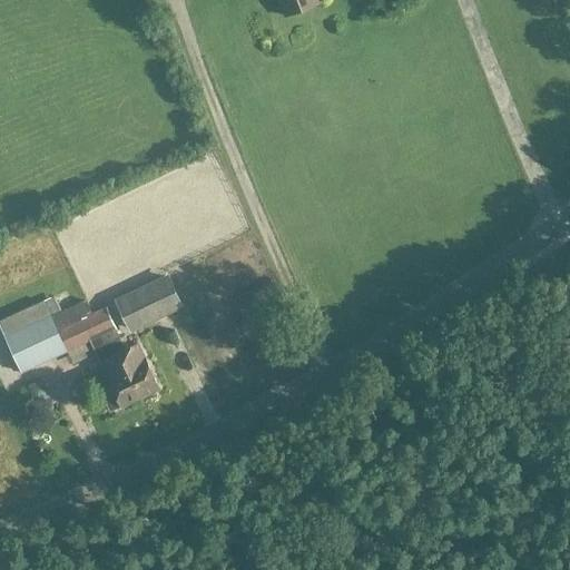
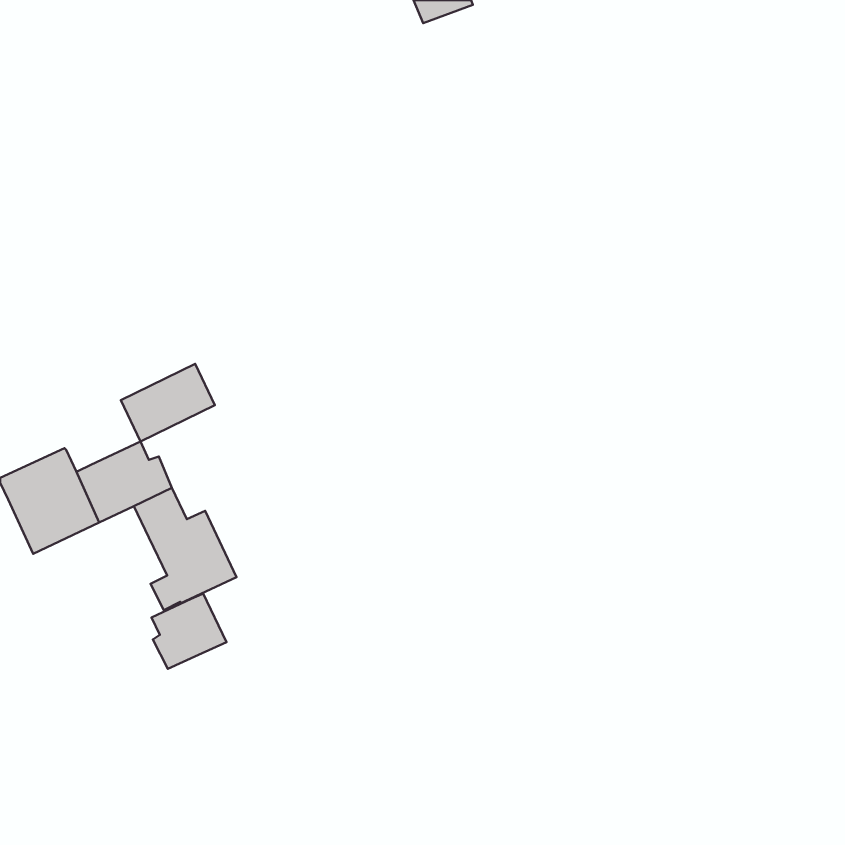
building: [118,277,181,330] -> [121,364,215,442]
building: none -> [151,593,226,669]

